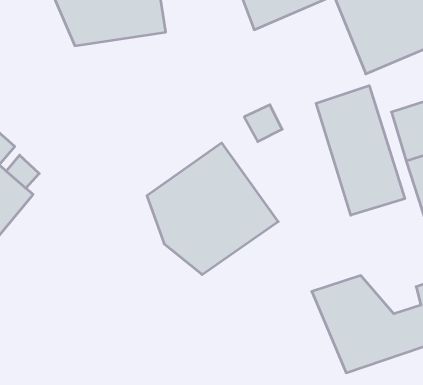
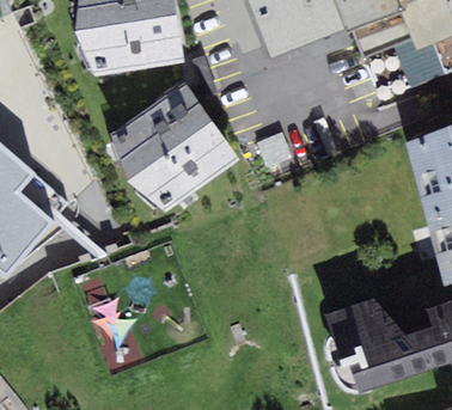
building: [316,86,405,215] -> none
building: [147,143,278,275] -> [110,82,238,210]

